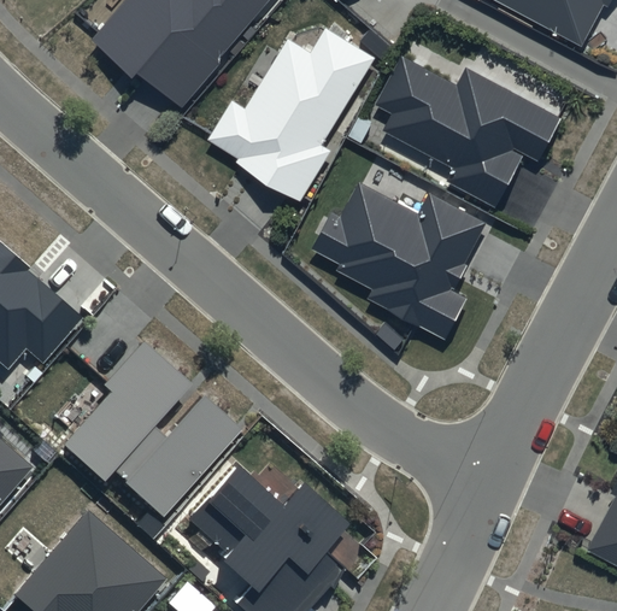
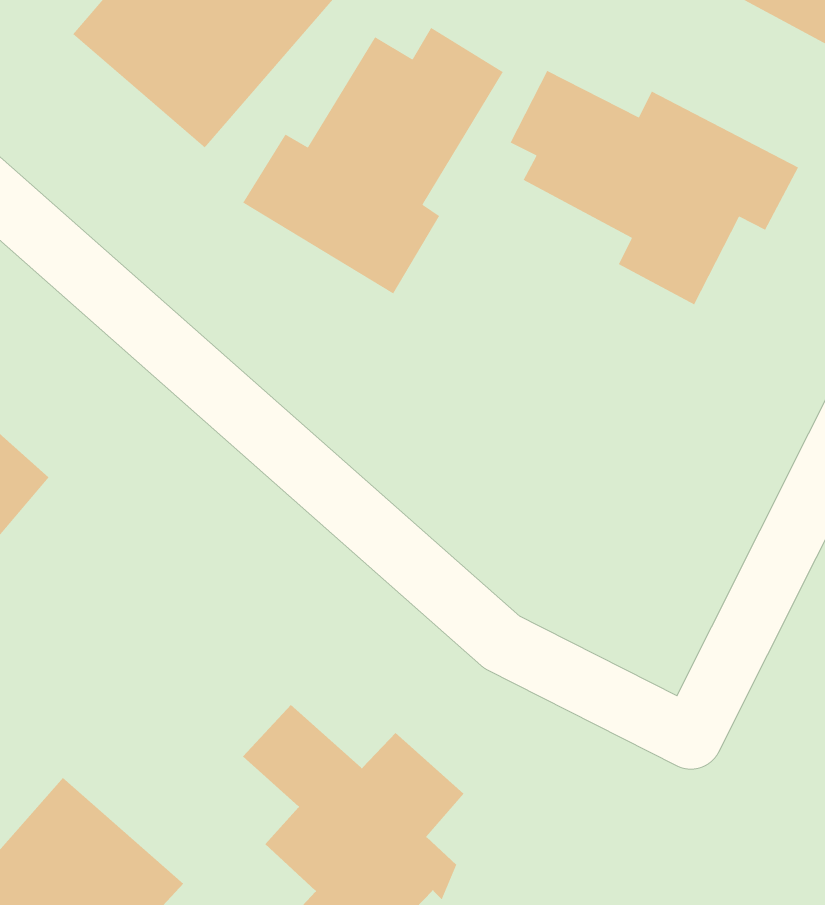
building: [313,183,483,342] -> none
building: [61,339,240,513] -> none

